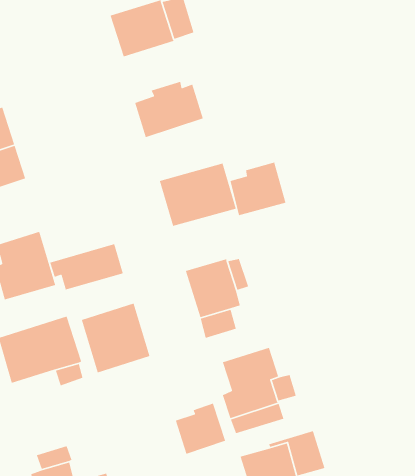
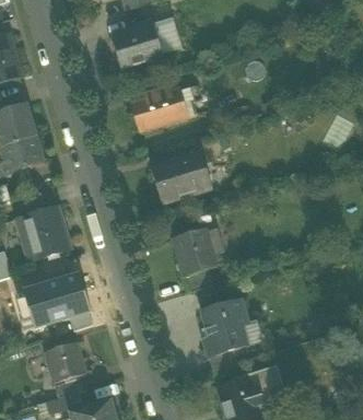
building: [230,161,287,216] -> none
building: [49,243,124,290] -> none
building: [81,303,150,373] -> none
building: none -> [44,340,85,382]
building: [175,403,226,455] -> none

